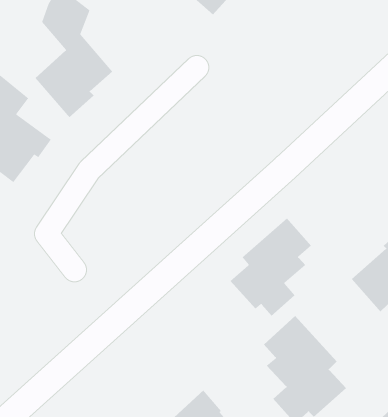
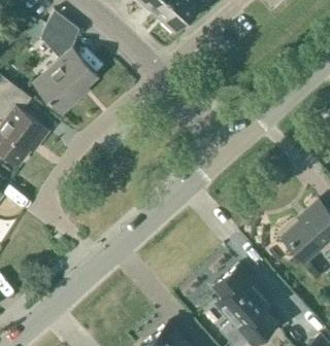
building: [229,217,312,317] -> none

